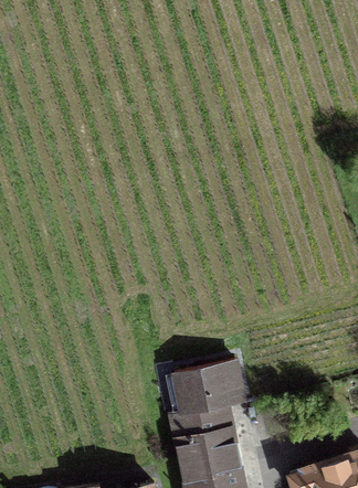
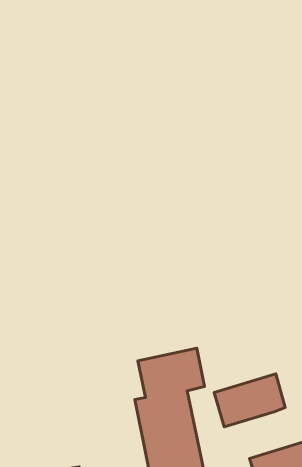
building: none -> [214,374,285,427]

